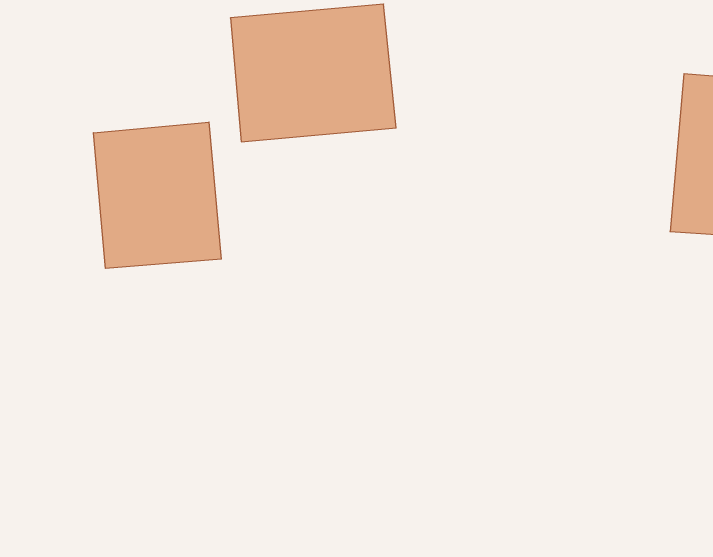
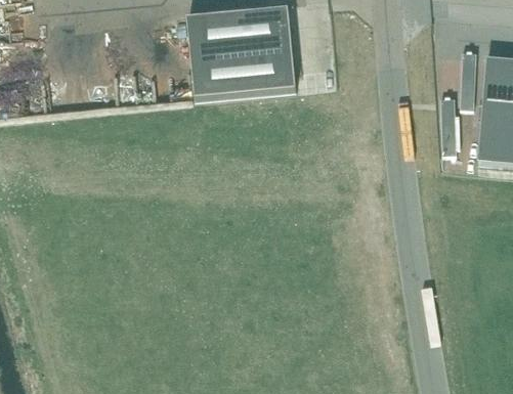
building: [93,122,221,268] -> none

